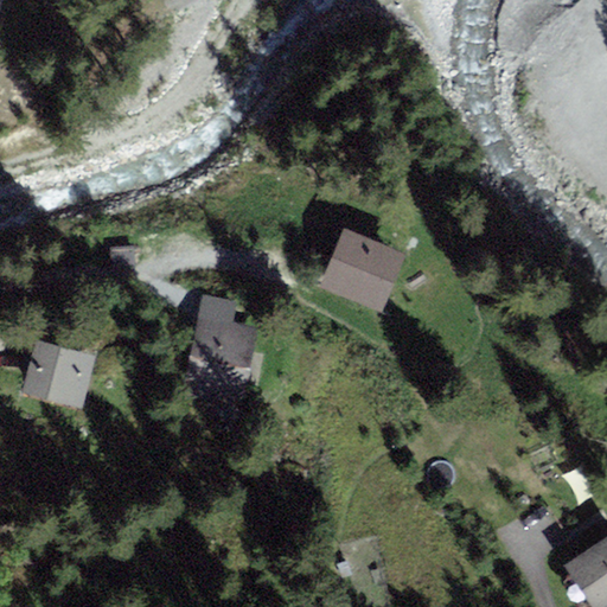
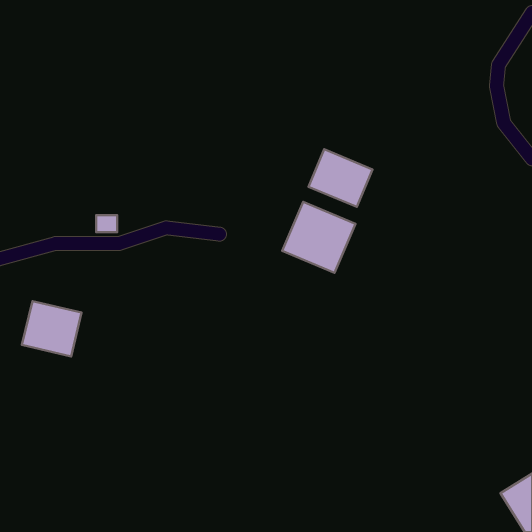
building: none -> [308,149,373,207]
building: [186,298,262,401] -> none

